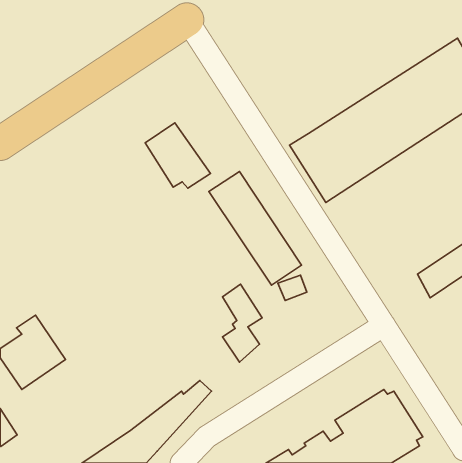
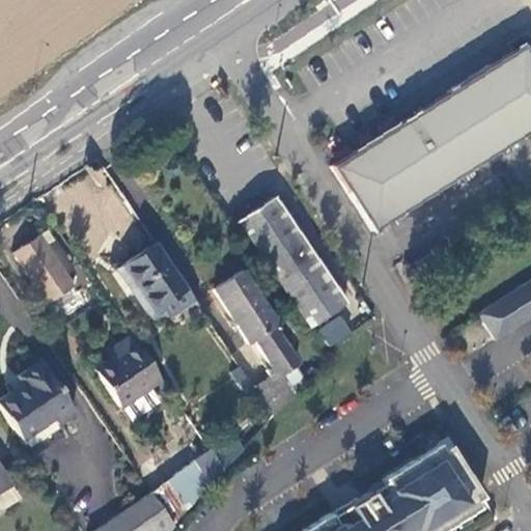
building: [145,123,210,188] -> [122,243,197,317]
building: none -> [13,233,76,302]
building: none -> [215,269,280,342]
building: none -> [96,335,163,419]

